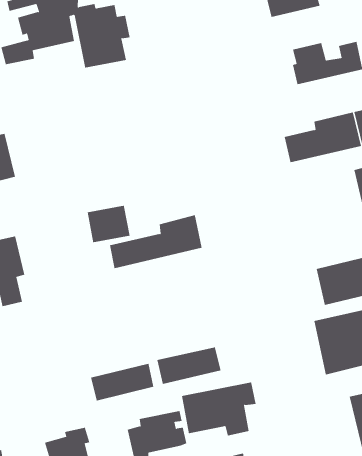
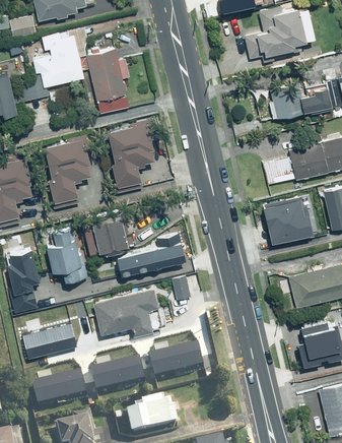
building: none -> [104,125,153,188]
building: none -> [44,138,91,204]
building: none -> [261,196,309,244]
building: none -> [51,231,95,287]
building: none -> [173,275,194,302]
building: none -> [29,322,84,356]
building: none -> [41,371,95,404]
building: [181,382,257,436] -> [93,290,158,336]

